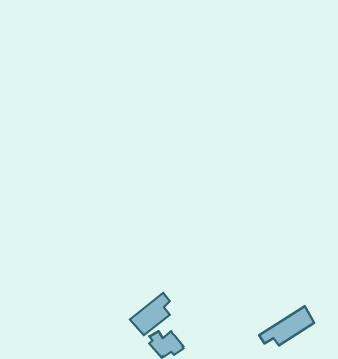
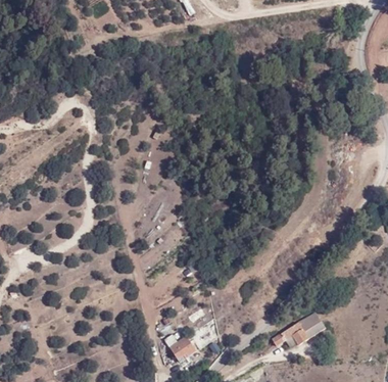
building: [130,293,170,335] -> none

